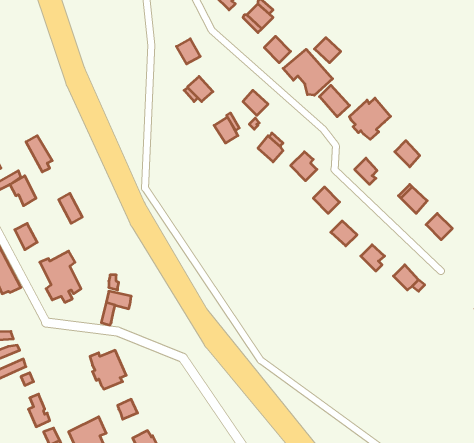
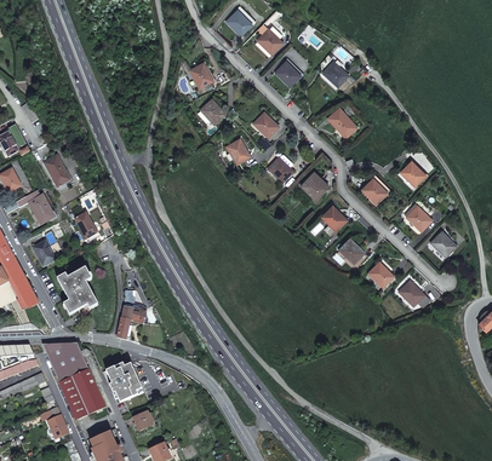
building: [283,49,333,95] -> none
building: [349,98,391,139] -> none
building: none -> [40,341,103,419]

